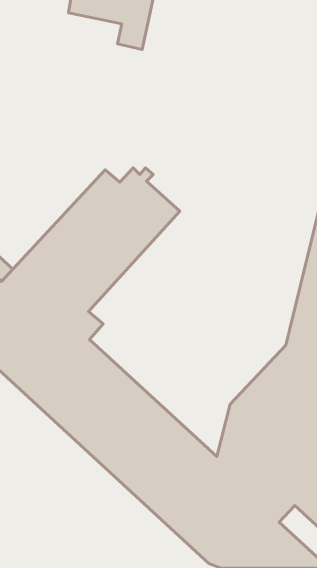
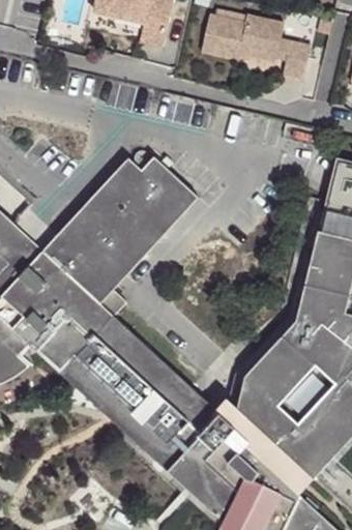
building: none -> [201,13,312,78]

